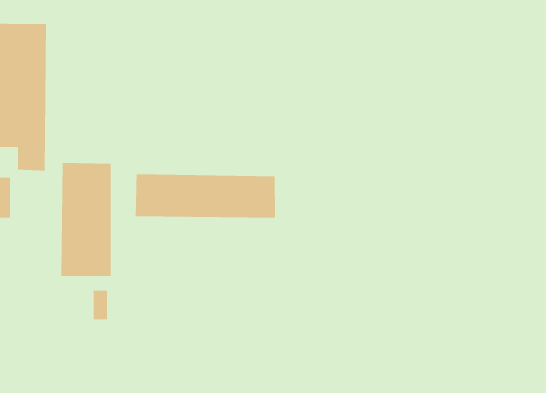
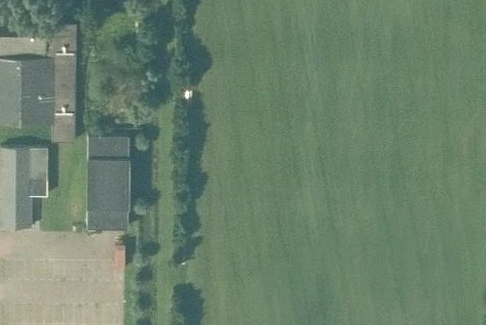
building: [135,173,275,218] -> none

